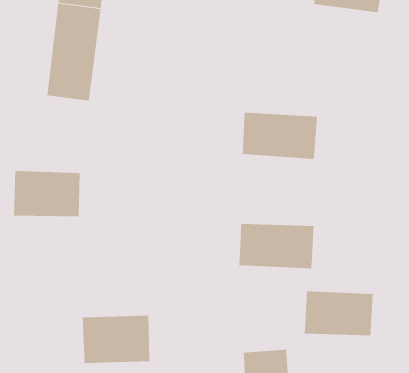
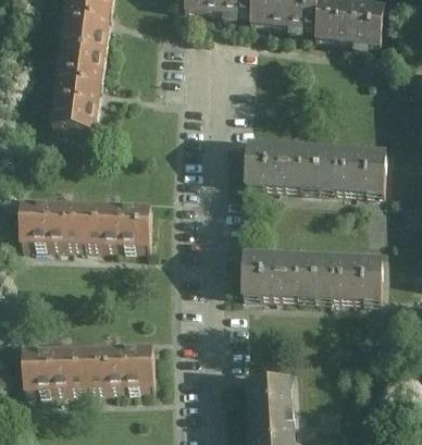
building: none -> [315,148,385,194]
building: none -> [84,203,150,249]
building: [304,291,373,336] -> [313,256,382,300]
building: none -> [22,346,88,394]

